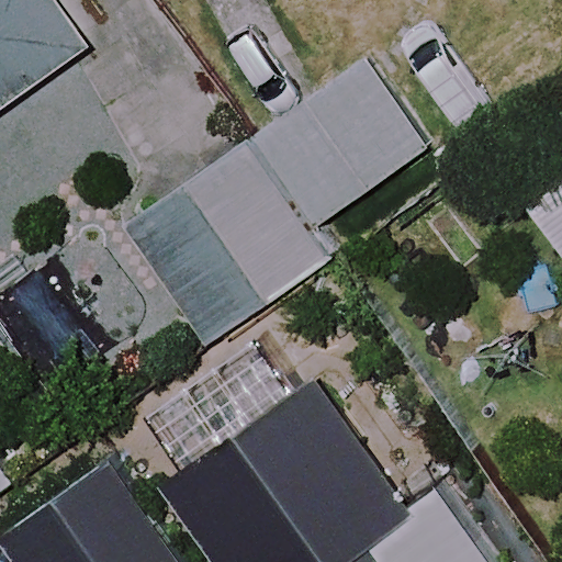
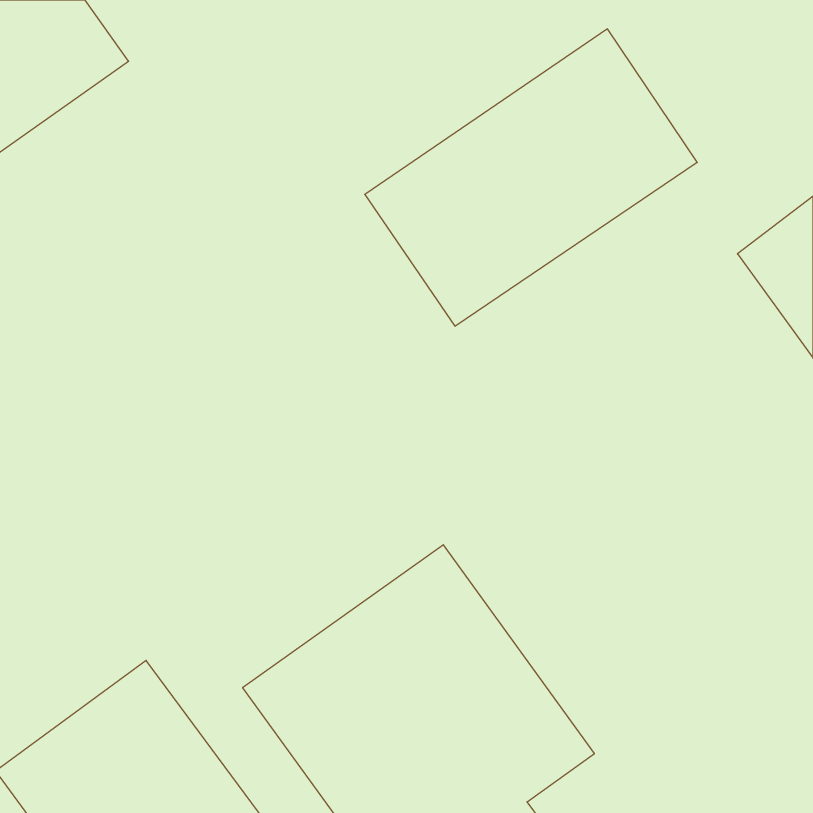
building: [123,138,331,345] -> none

